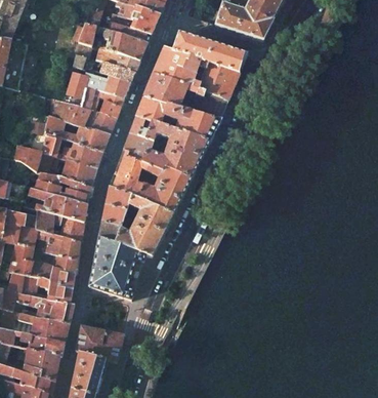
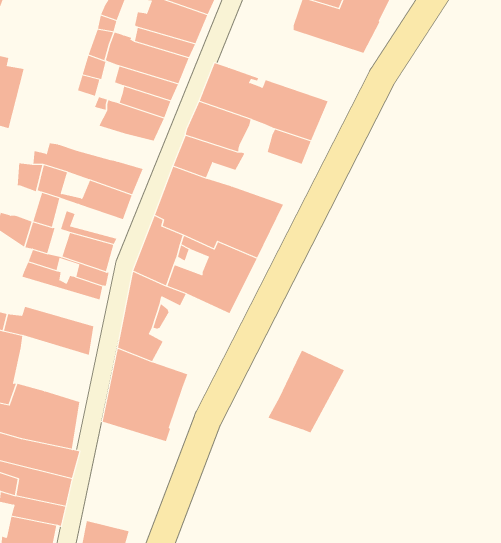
building: [172,32,247,73] -> none
building: [72,88,123,118] -> none
building: [174,108,220,142] -> none
building: [68,142,102,164] -> none
building: [28,189,87,223] -> none
building: [122,201,173,256] -> [268,350,345,433]
building: [35,229,80,273] -> none
building: [76,326,122,362] -> none

